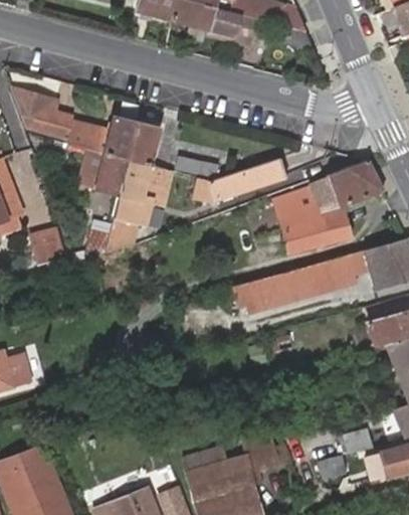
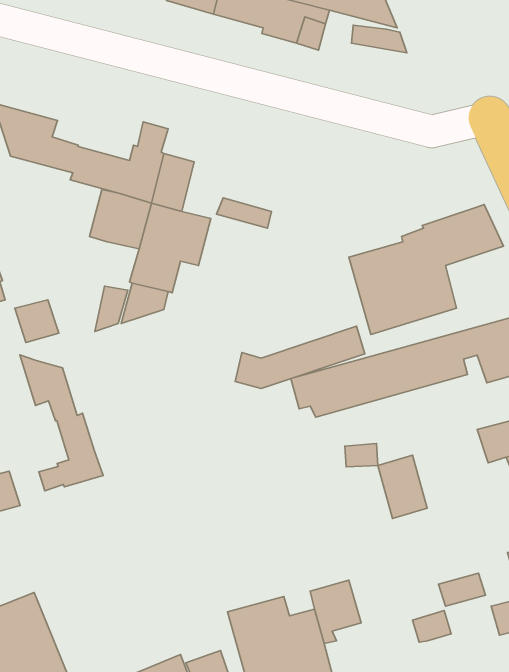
building: [192,159,286,204] -> [235,326,365,388]
building: none -> [20,355,103,491]
building: none -> [378,455,427,518]

